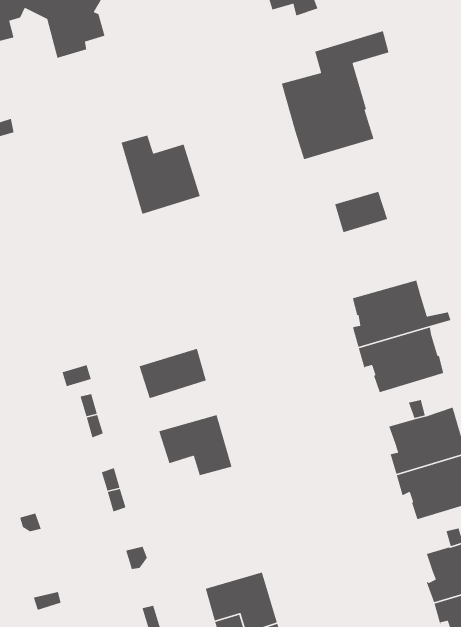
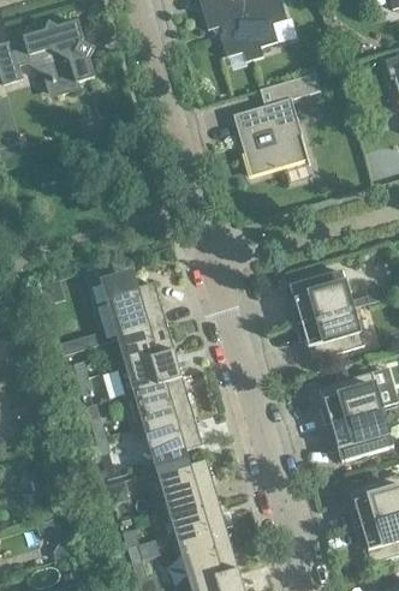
building: [121,135,201,215] -> [103,276,167,340]
building: [334,191,388,233] -> none
building: none -> [117,352,183,395]
building: none -> [144,412,202,461]
building: none -> [160,461,219,519]

